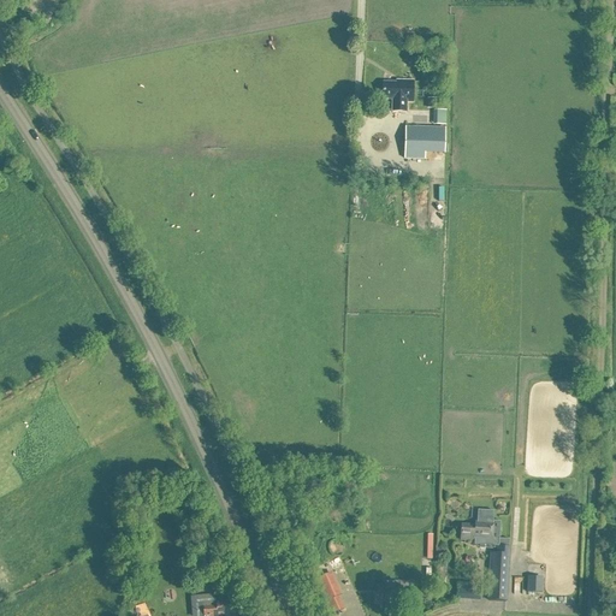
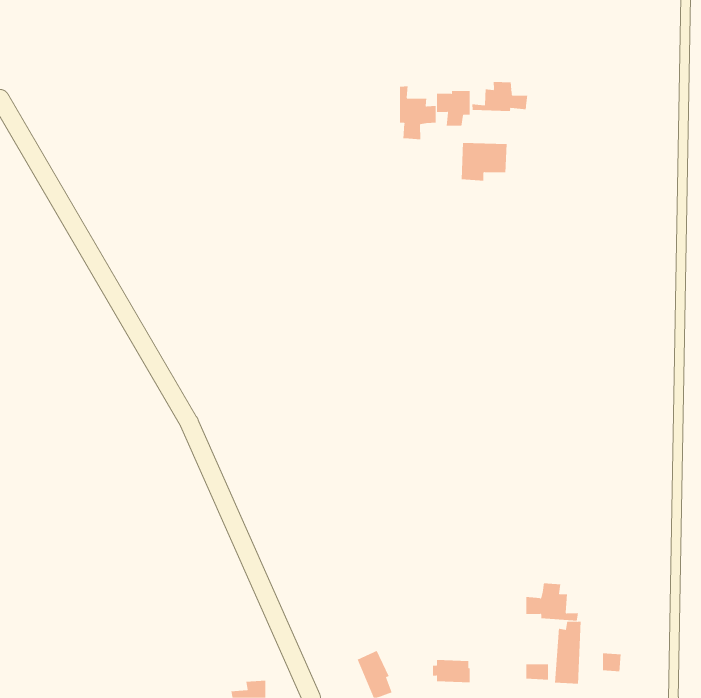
building: none -> [472,81,528,112]
building: none -> [400,85,436,140]

